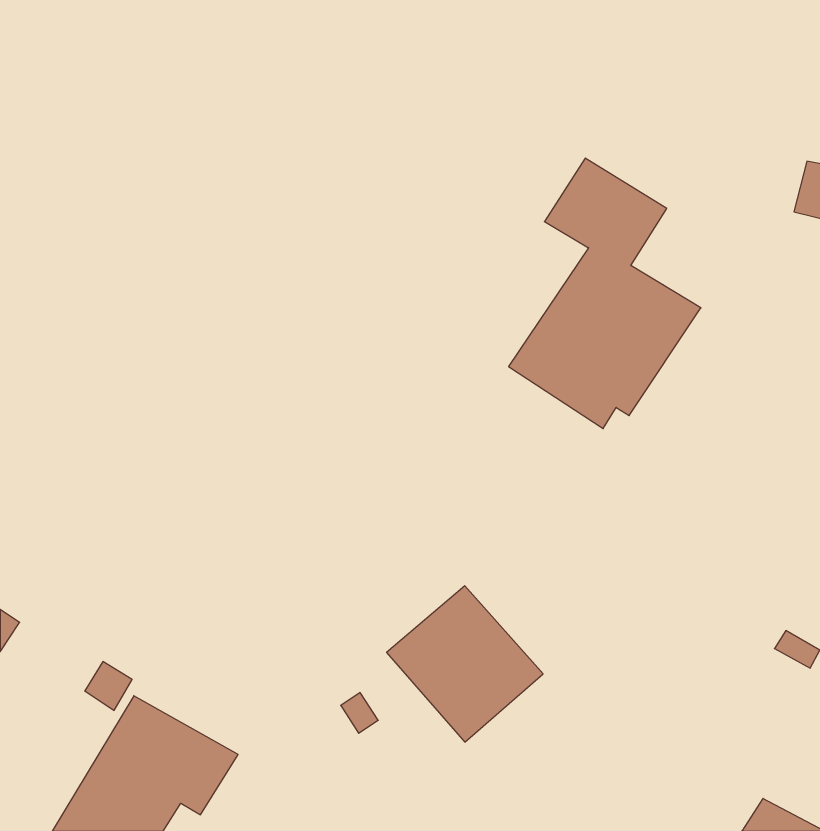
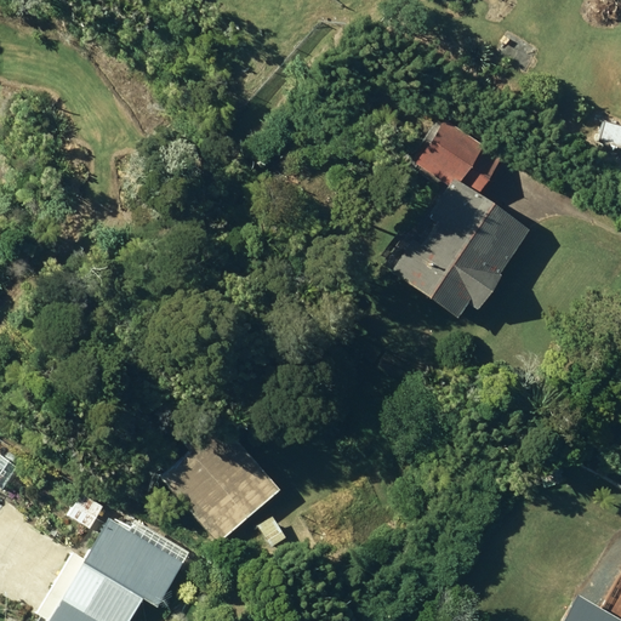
building: [387,586,543,742] -> [164,427,280,543]

